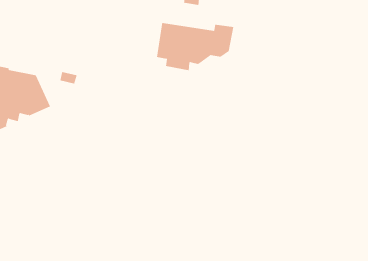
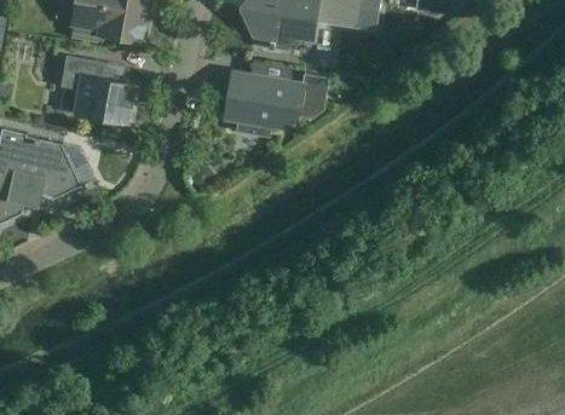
building: none -> [60,56,136,123]

